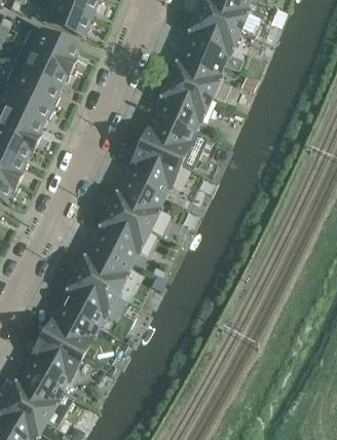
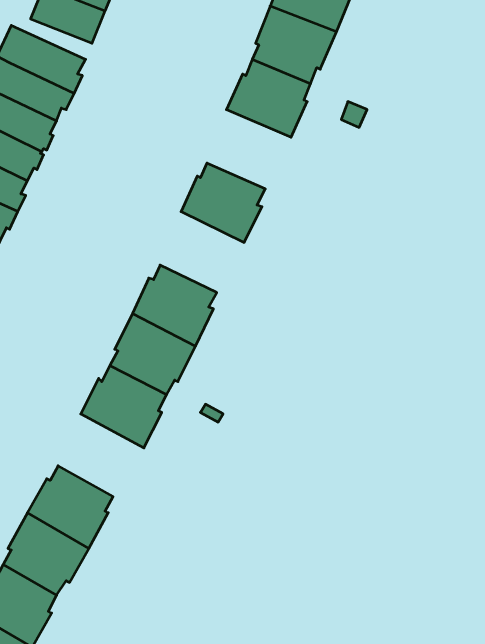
building: [156,81,210,132] -> none
building: [126,146,180,197] -> none
building: [62,274,116,327] -> none

